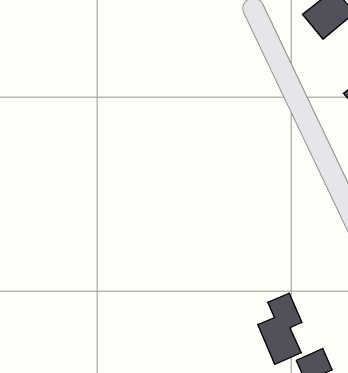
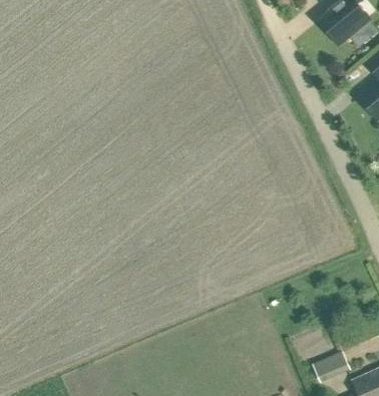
building: [258,293,302,364] -> none

